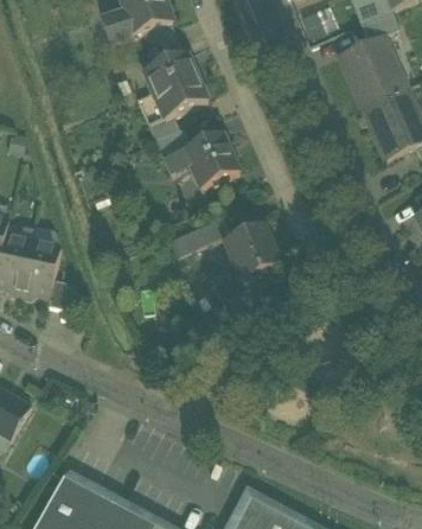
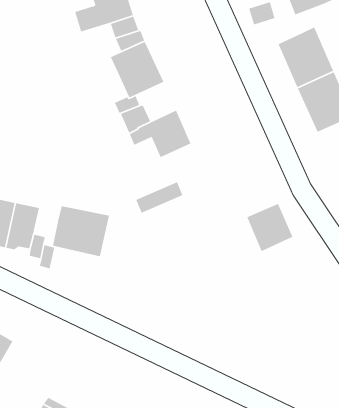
building: [359,11,398,43] -> none
building: [224,224,280,282] -> [246,203,294,252]
building: none -> [52,204,110,257]

